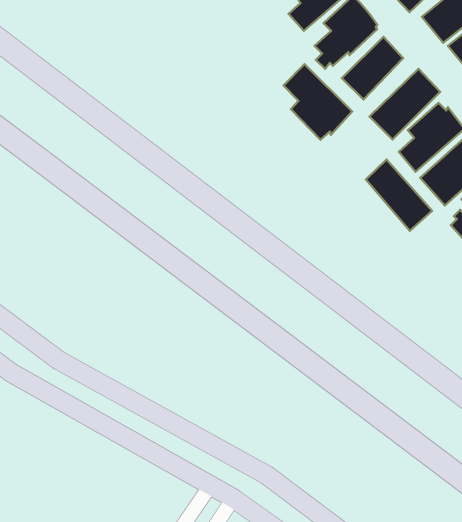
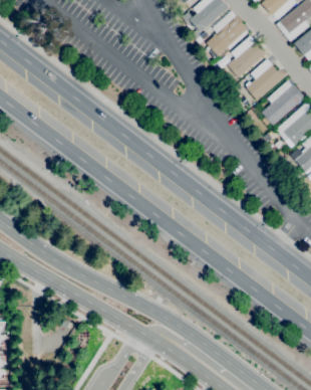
building: [284,64,352,140] -> none
building: [366,159,432,231] -> none

